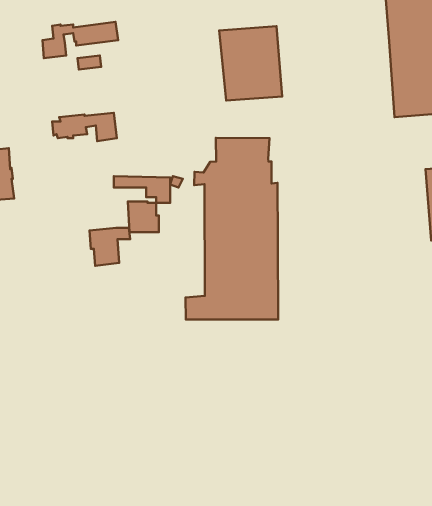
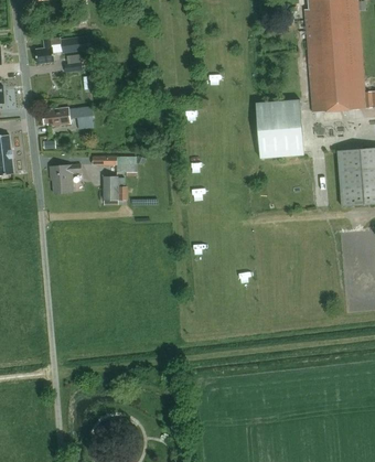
building: [219,26,282,101] -> [254,97,303,155]
building: [185,138,278,319] -> none
building: [90,228,130,266] -> [49,163,81,193]

